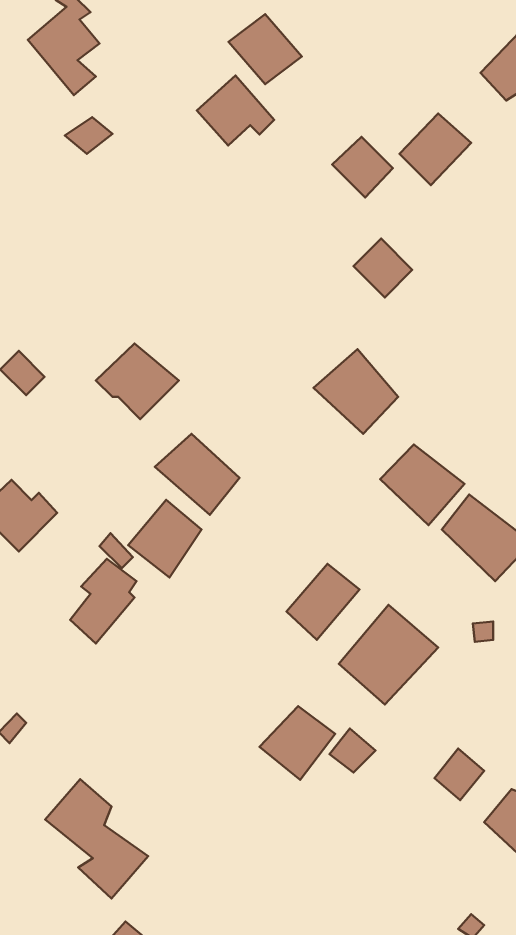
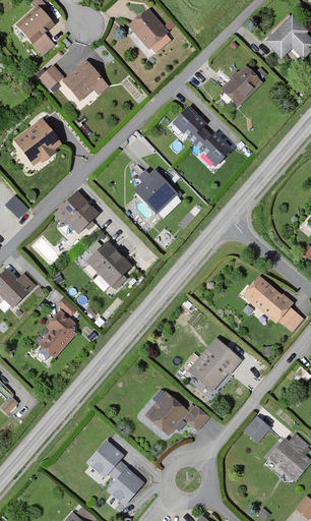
building: [197,76,274,145] -> [64,60,107,99]
building: [332,137,393,198] -> [169,107,202,140]
building: none -> [13,119,61,163]
building: [313,349,398,434] -> [131,168,178,215]
building: [380,445,465,525] -> none
building: [128,500,201,577] -> none
building: [287,564,360,640] -> none
building: [45,779,148,899] -> [86,439,143,505]

